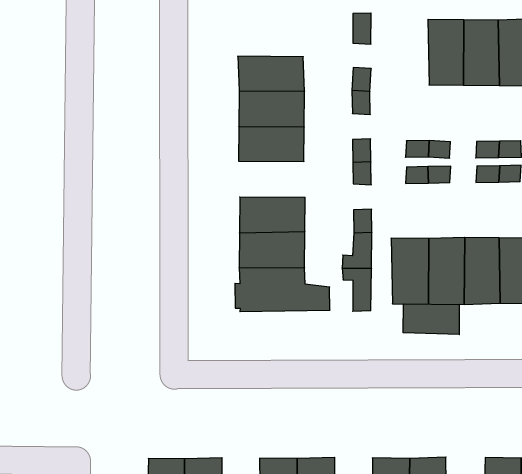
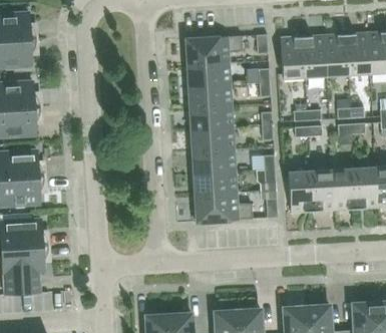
building: none -> [183,36,242,66]
building: none -> [279,37,305,79]
building: none -> [190,128,233,152]
building: [403,304,459,335] -> none

